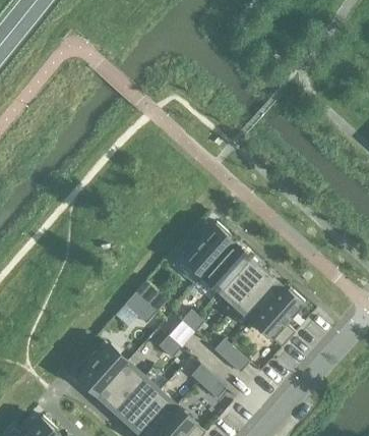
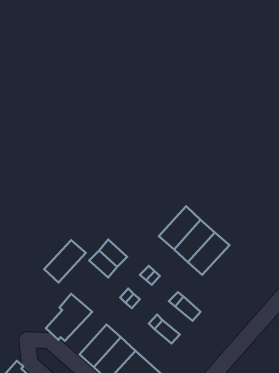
building: [180,223,233,277] -> none
building: [251,287,303,348] -> none
building: [97,363,143,411] -> [44,240,86,283]

